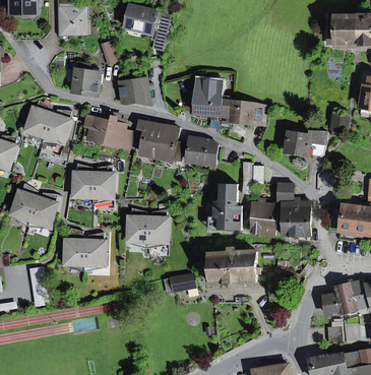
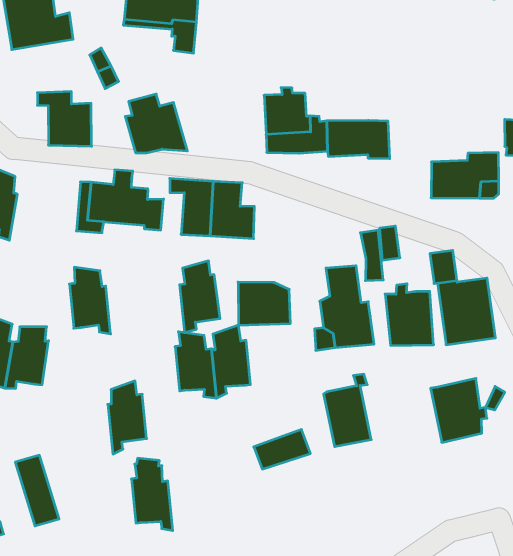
building: [42,110,70,144] -> none
building: [185,137,217,165] -> [238,282,290,325]
building: [91,166,113,204] -> [180,261,220,333]
building: [63,229,84,272] -> [131,458,173,531]
building: [229,251,258,285] -> [431,378,487,442]

